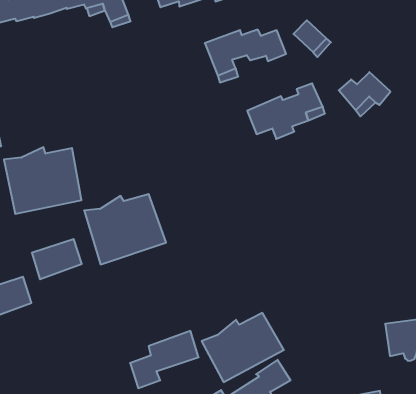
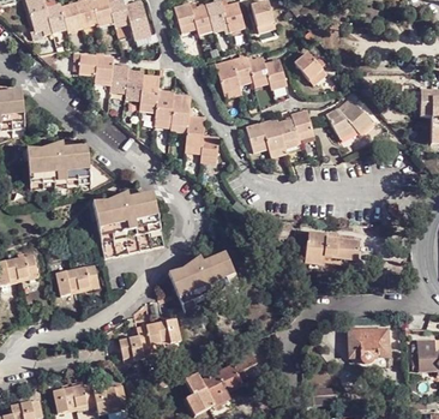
building: none -> [78,53,218,161]
building: none -> [303,231,359,265]
building: [32,239,82,279] -> [55,264,98,297]
building: [202,313,284,382] -> [167,252,239,310]

